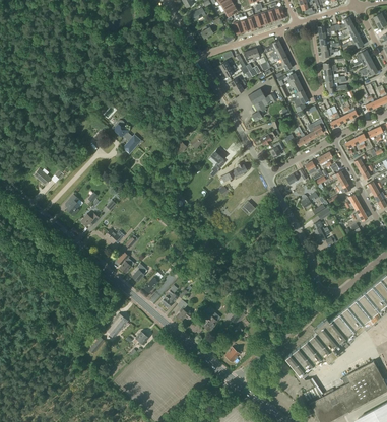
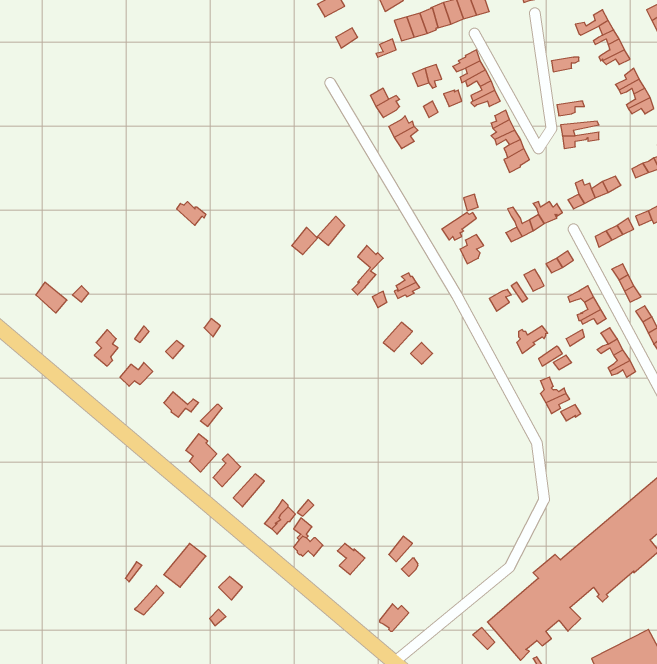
building: [248,88,276,121] -> none

